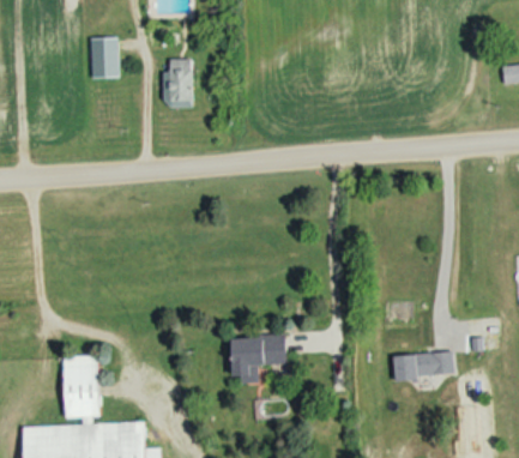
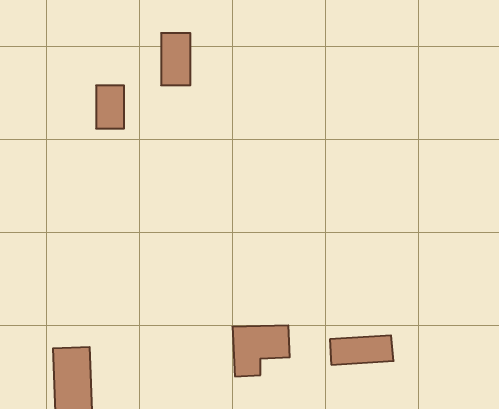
building: [91,37,117,78] -> [96,85,124,129]
building: [394,351,454,379] -> [330,335,394,365]

